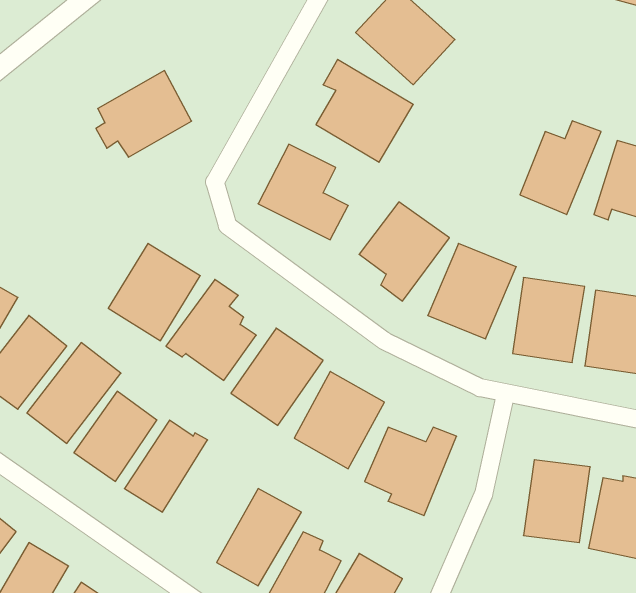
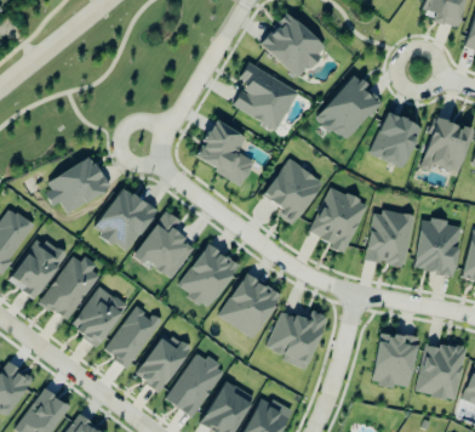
building: [96,71,192,157] -> [46,155,110,214]
building: none -> [317,75,379,142]
building: none -> [136,332,193,392]

